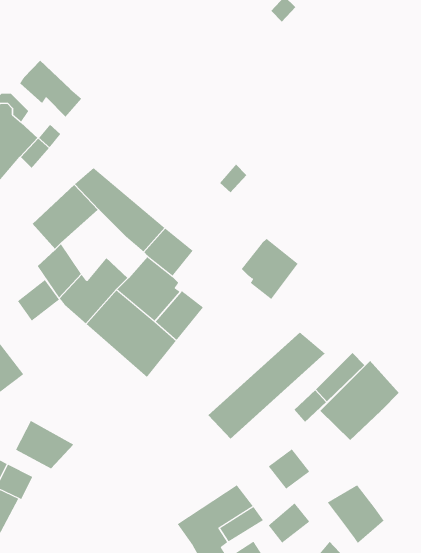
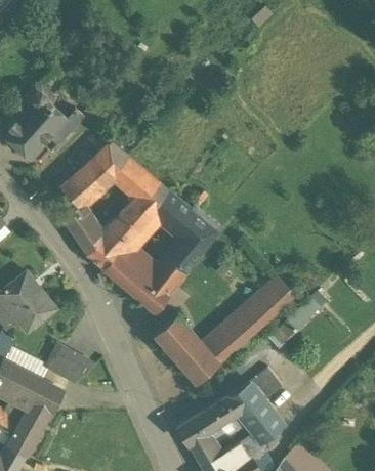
building: [19,60,82,117] -> none
building: none -> [120,200,153,232]
building: [241,238,298,300] -> [173,207,219,256]
building: [17,279,60,321] -> none
building: [320,360,400,441] -> none
building: none -> [154,314,219,382]
building: [327,485,384,544] -> [224,383,270,430]

